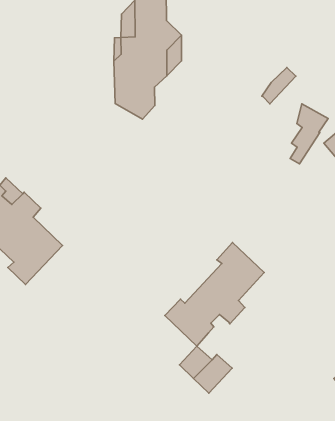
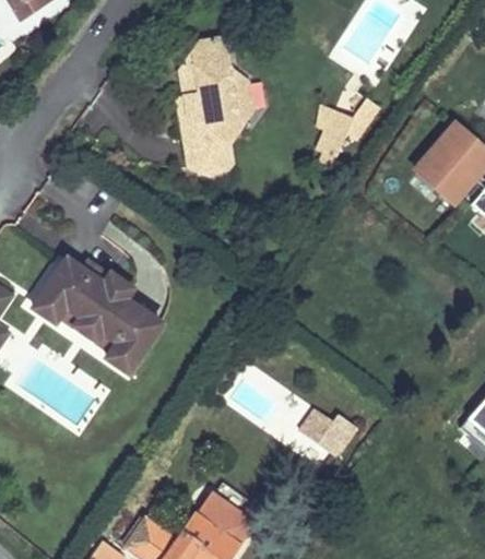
building: [290,104,328,164] -> [317,104,352,168]
building: [165,243,264,346] -> none

